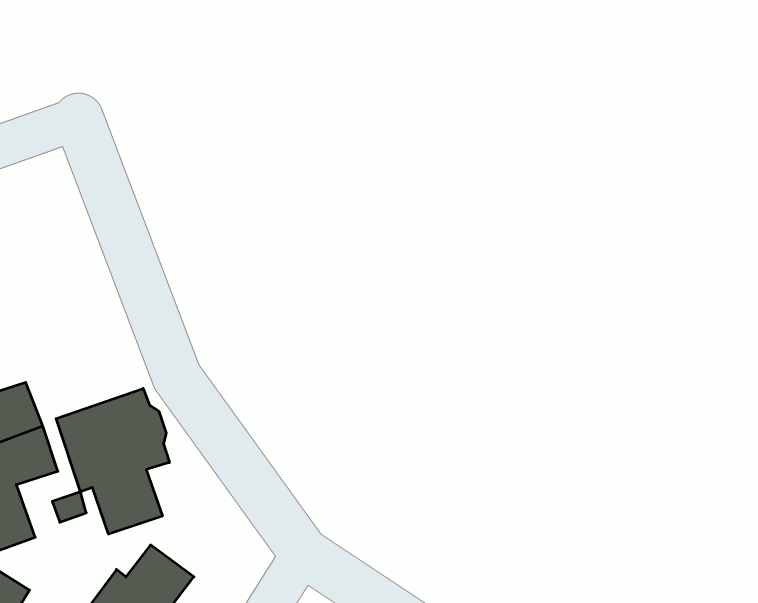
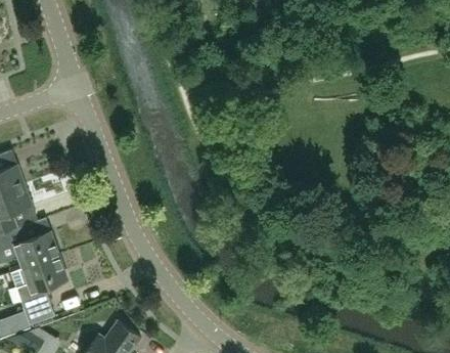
building: [56,388,169,534] -> none

